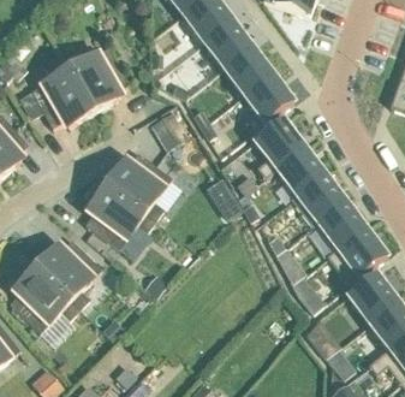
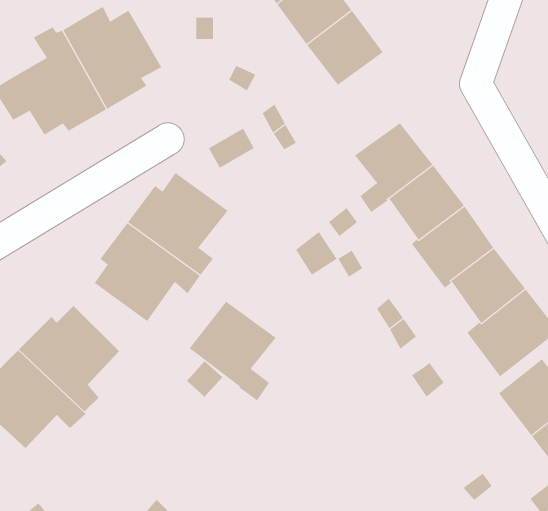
building: [243,73,293,124] -> none
building: none -> [189,301,277,401]

